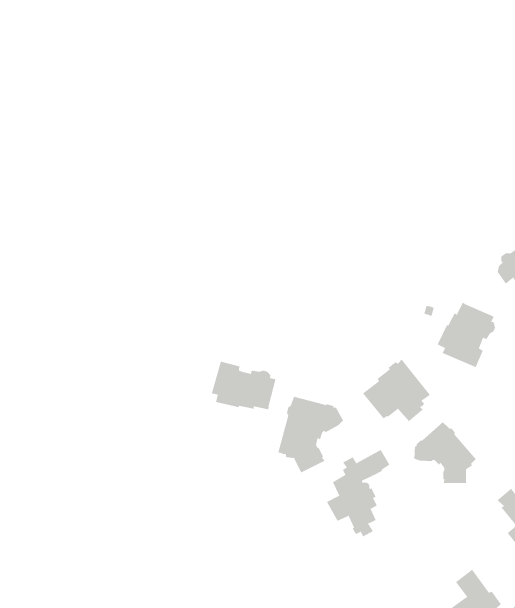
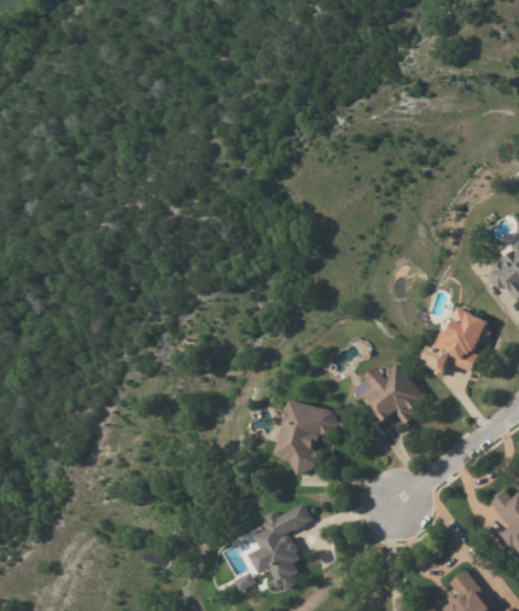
building: [211,361,276,410] -> none
building: [414,422,477,484] -> none
building: [326,449,390,537] -> [249,504,311,590]

